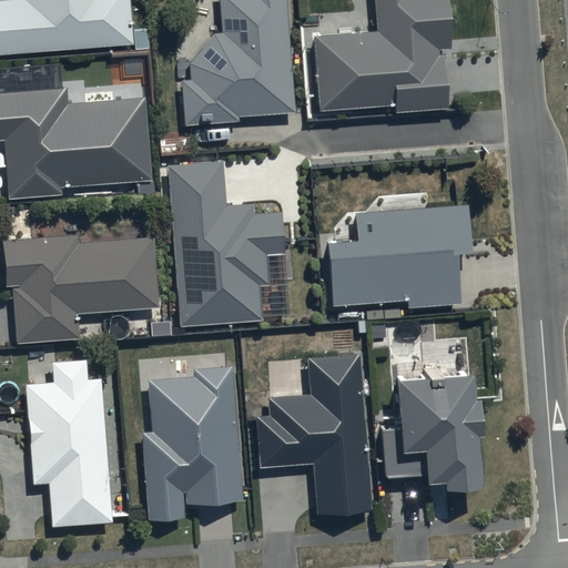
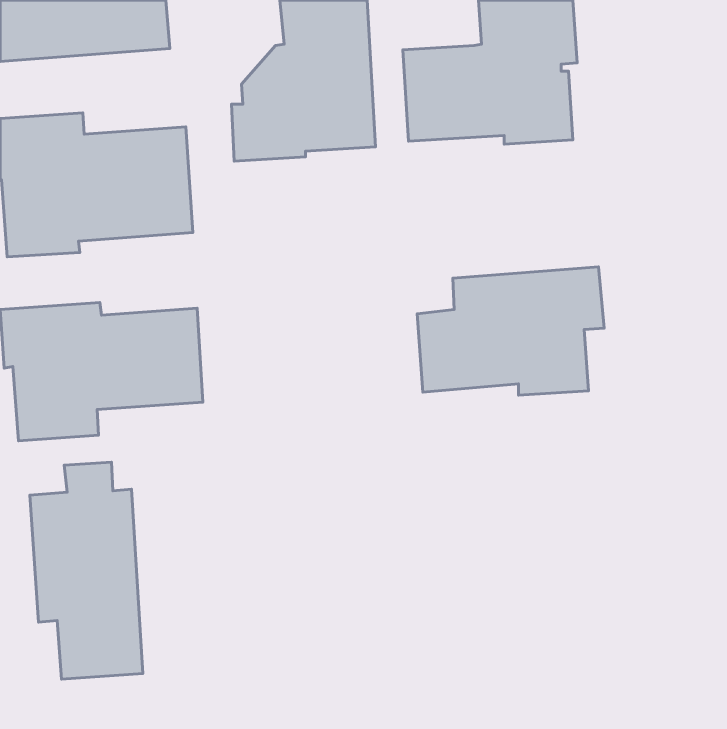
building: [168,163,284,325] -> none
building: [257,357,373,514] -> none
building: [141,369,239,519] -> none
building: [394,376,481,491] -> none

